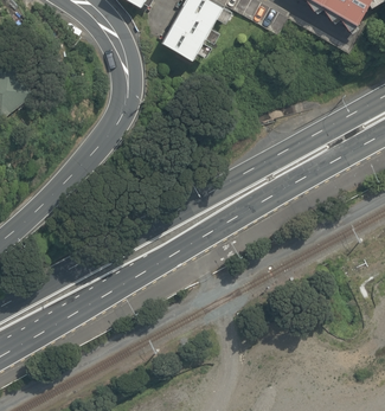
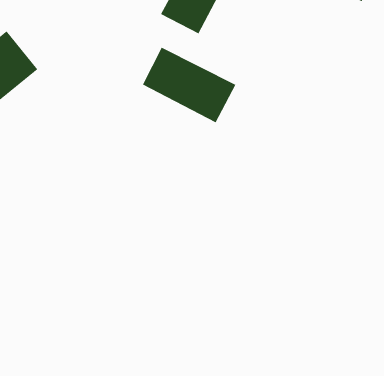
building: none -> [142,47,236,123]

